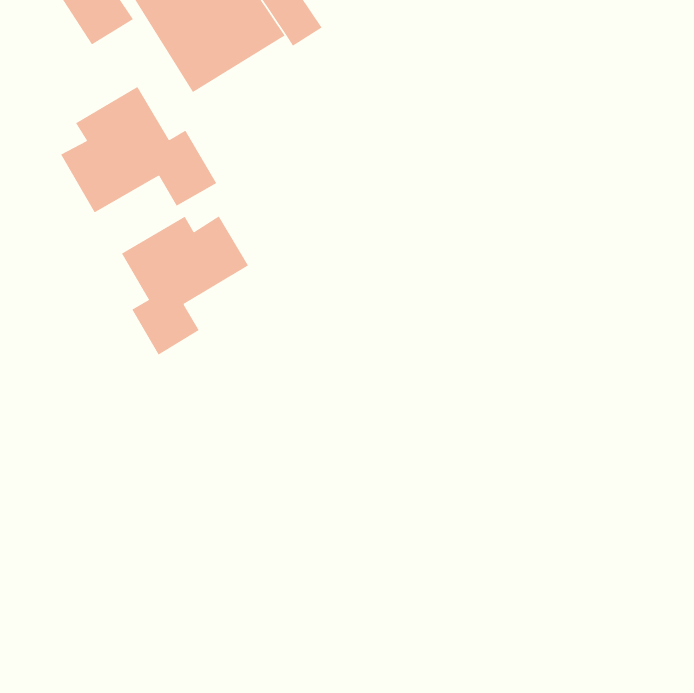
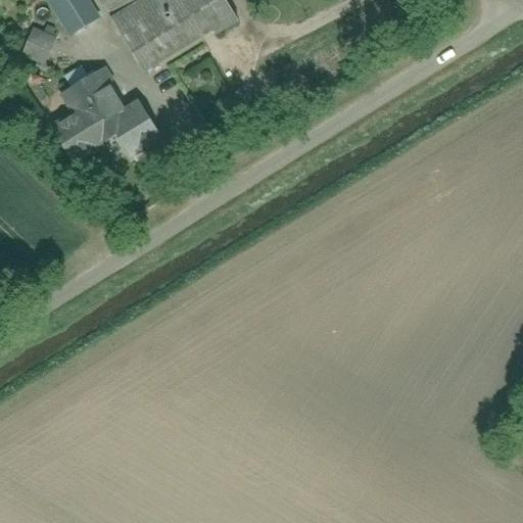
building: none -> [20,25,56,62]
building: [121,215,249,355] -> none

